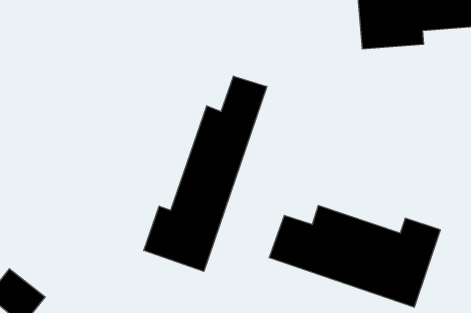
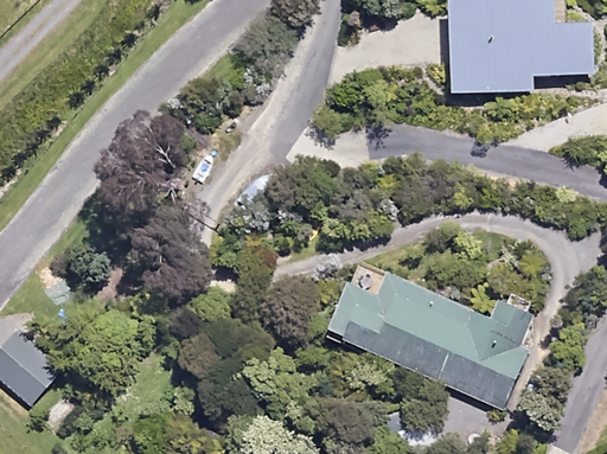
building: [144,76,267,271] -> none

